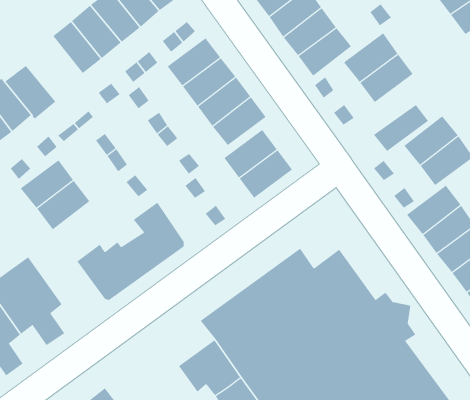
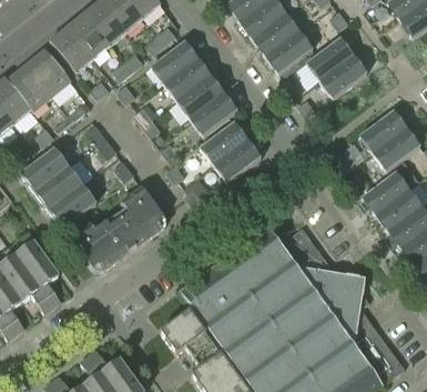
building: none -> [26,49,71,97]
building: [373,104,429,152] -> none
building: none -> [49,184,95,229]

